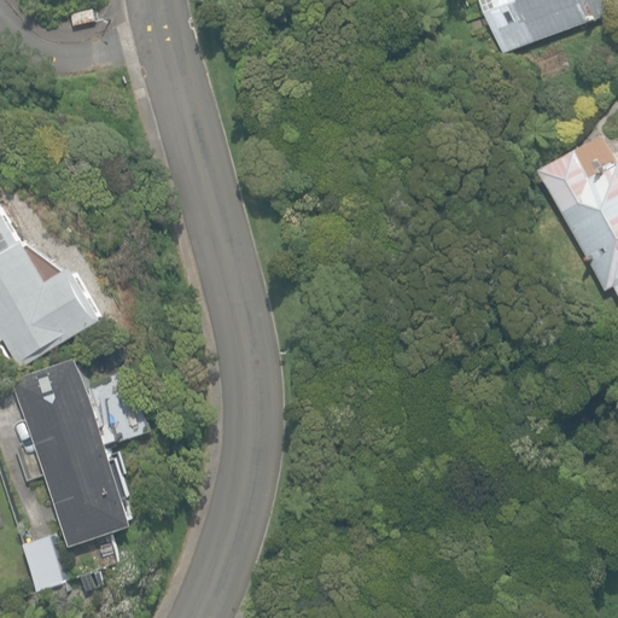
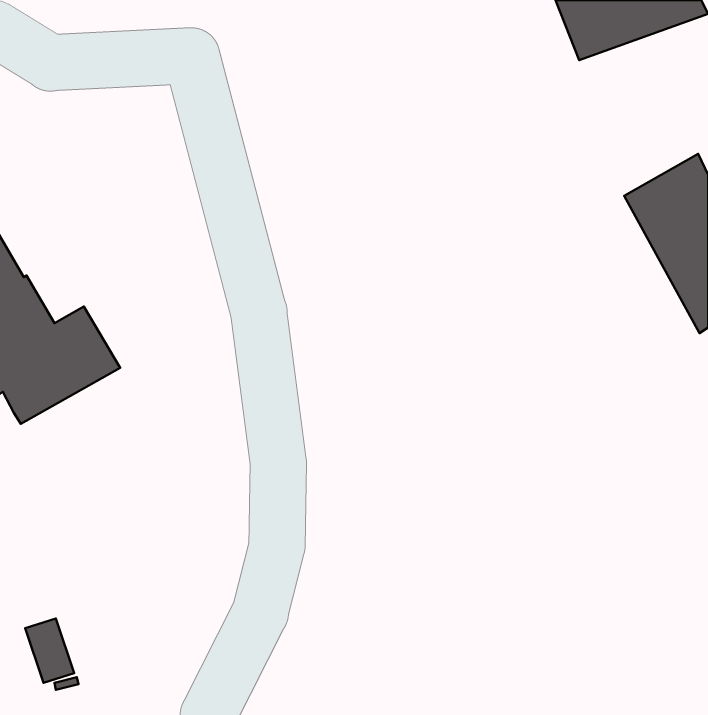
building: [12,356,135,543] -> none

